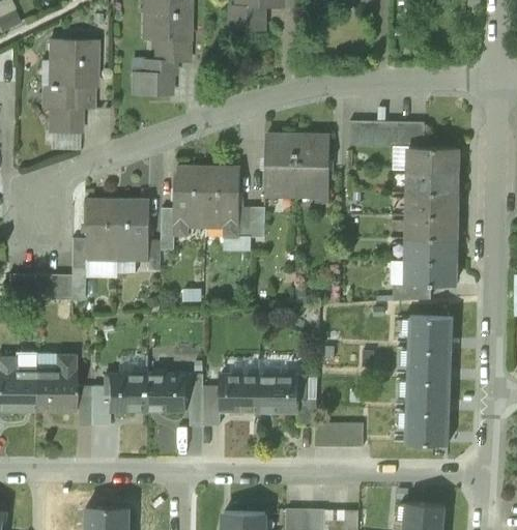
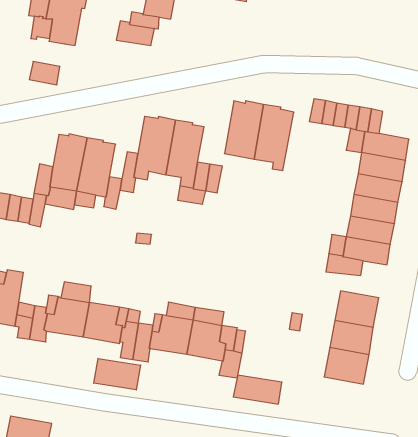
building: [49,101,79,129] -> none
building: [406,412,450,445] -> none
building: none -> [94,358,141,390]

